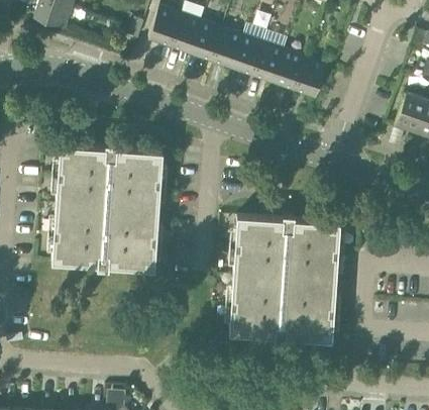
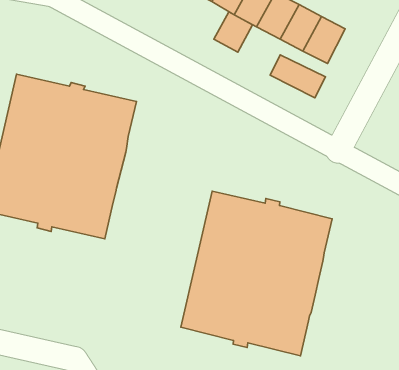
building: none -> [214,12,253,52]
building: none -> [270,55,326,98]

